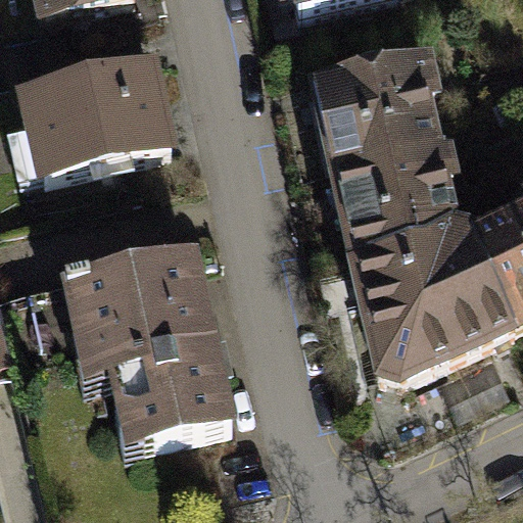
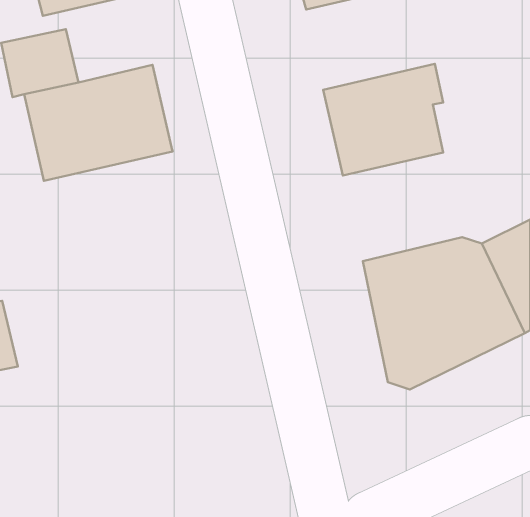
building: [335,146,451,255] -> none
building: [67,266,228,444] -> none

